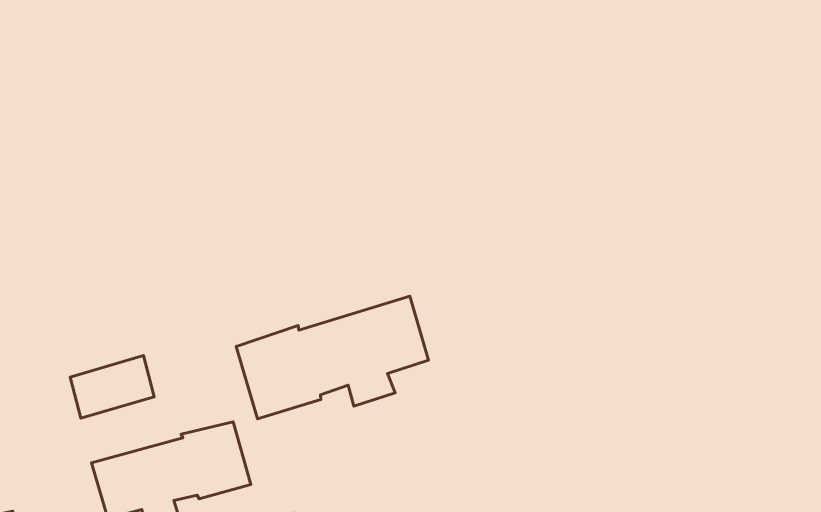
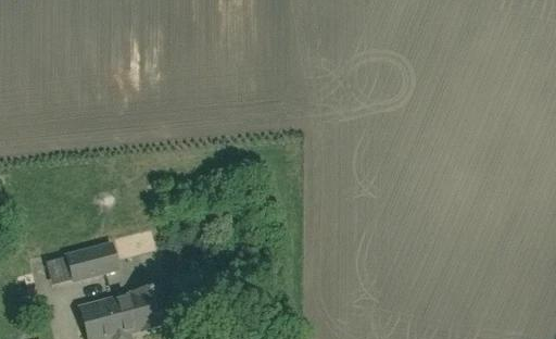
building: [236,296,429,419] -> none

